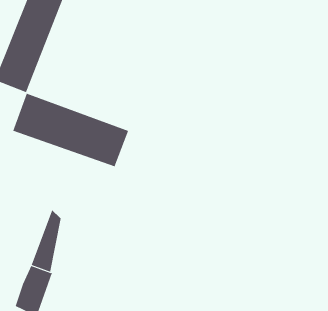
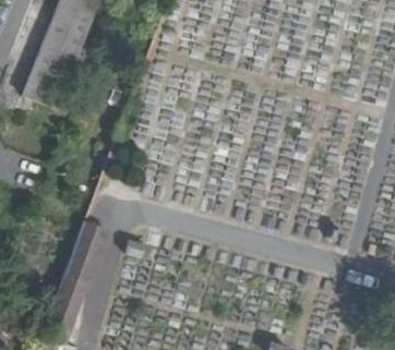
building: [12,93,129,167] -> none

